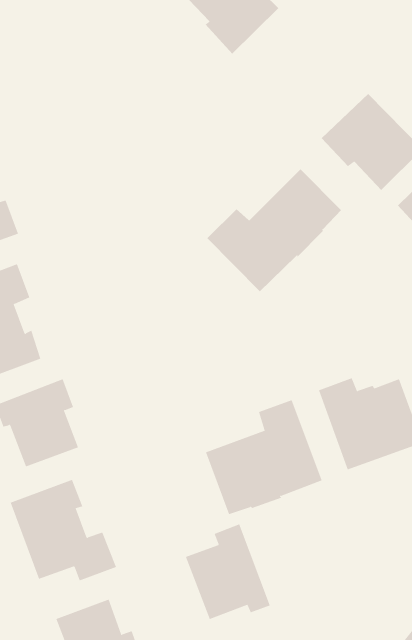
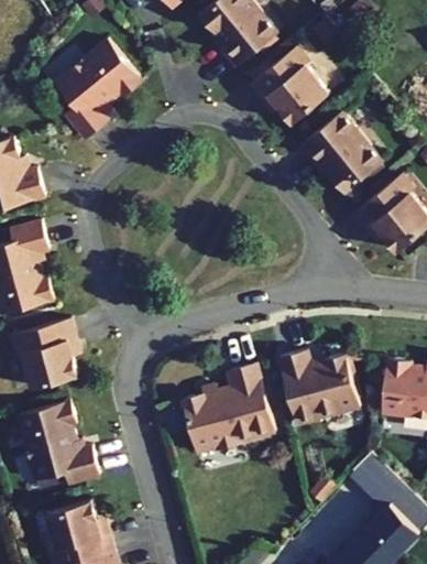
building: none -> [57,33,144,132]
building: none -> [249,52,328,129]
building: [207,168,342,292] -> none
building: [185,523,271,620] -> none

